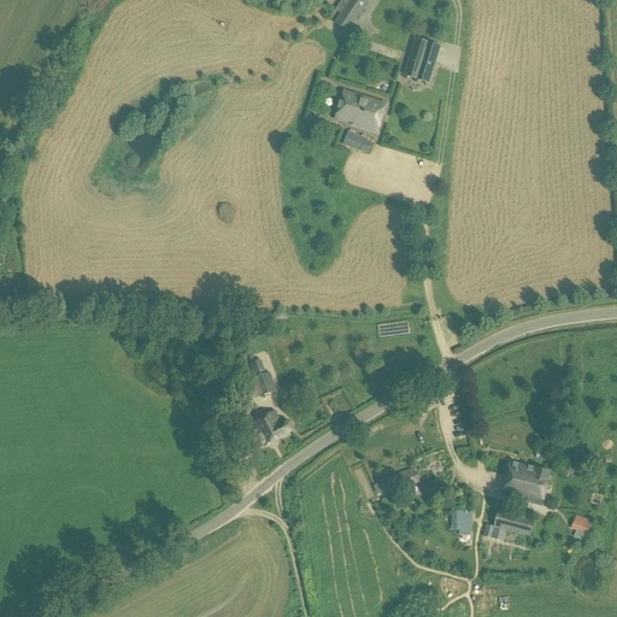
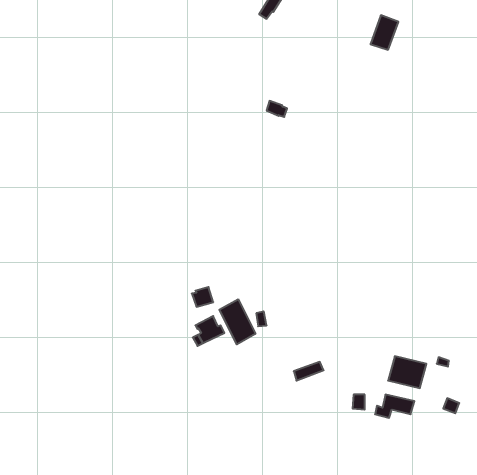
building: [402,35,439,80] -> [370,15,398,50]
building: [334,88,384,131] -> none
building: none -> [219,299,255,344]

